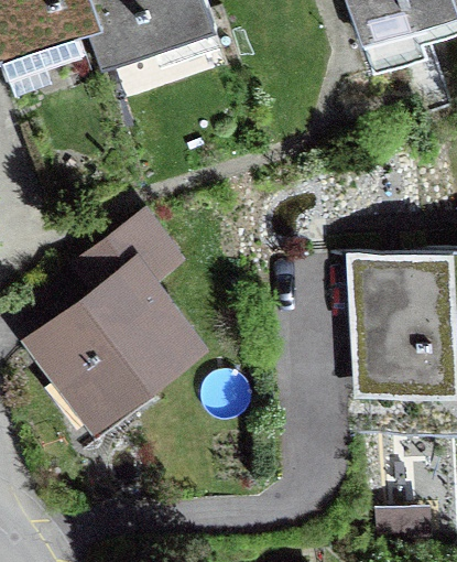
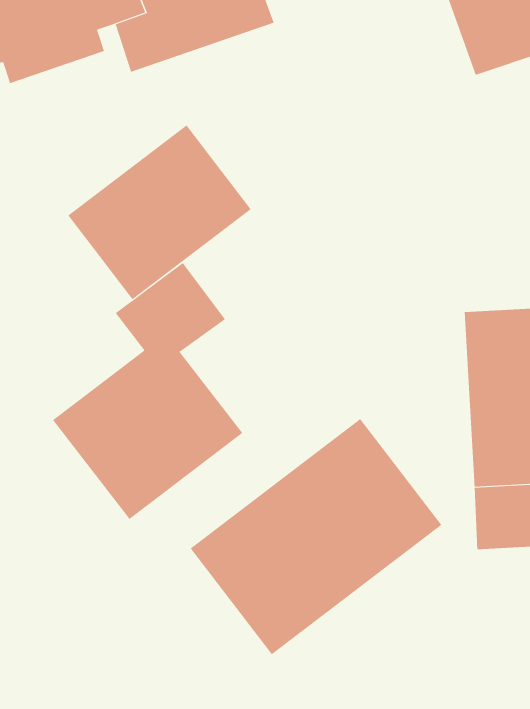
building: none -> [68,125,252,300]
building: none -> [190,418,442,655]

